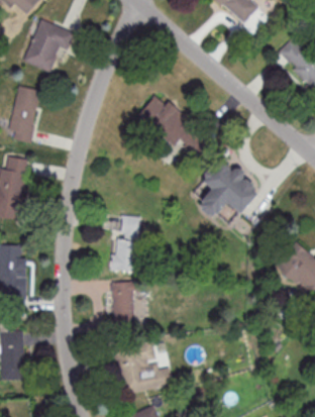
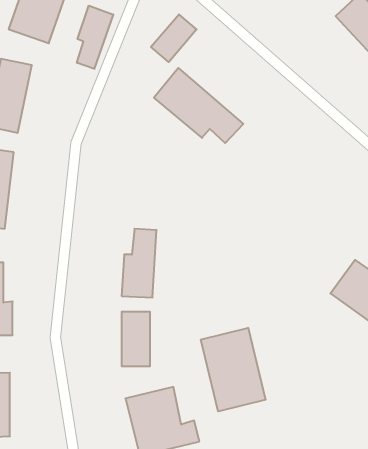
building: none -> [77,6,113,69]
building: none -> [151,14,197,62]
building: [191,157,259,218] -> none
building: none -> [201,328,266,411]

